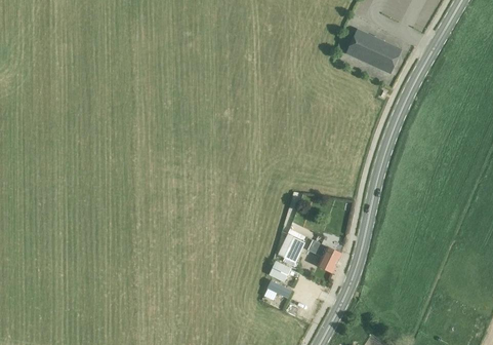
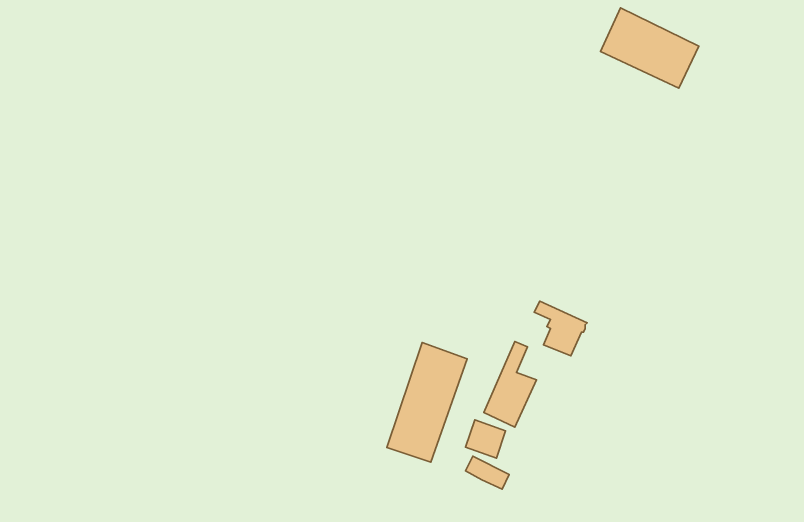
building: none -> [387,343,467,462]
building: [313,242,342,273] -> [534,301,587,356]

